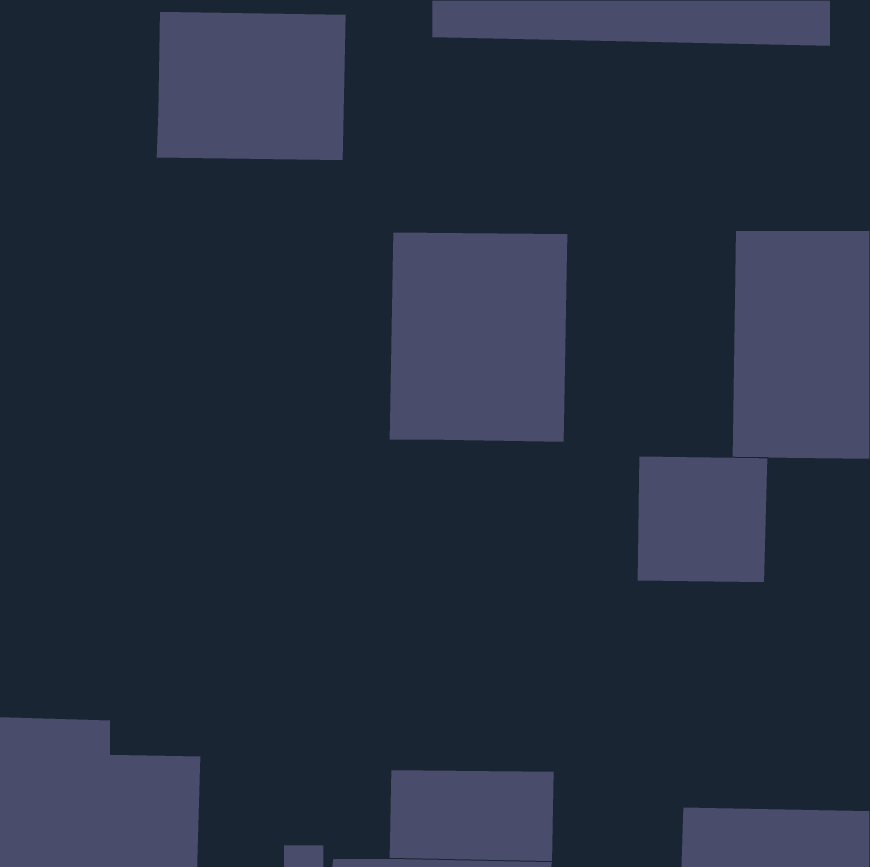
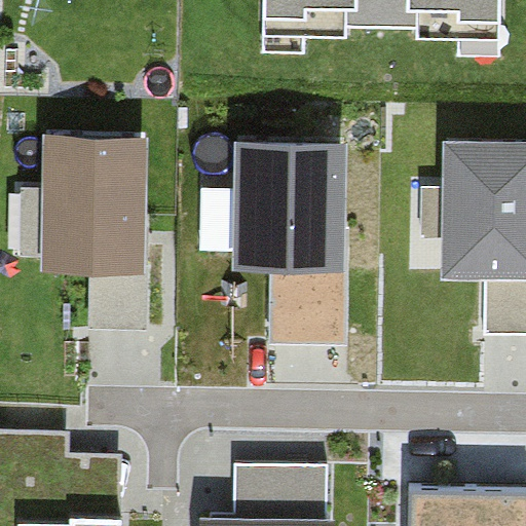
building: [156,11,346,161] -> none
building: none -> [41,136,147,274]
building: [637,456,768,582] -> [266,268,345,344]

